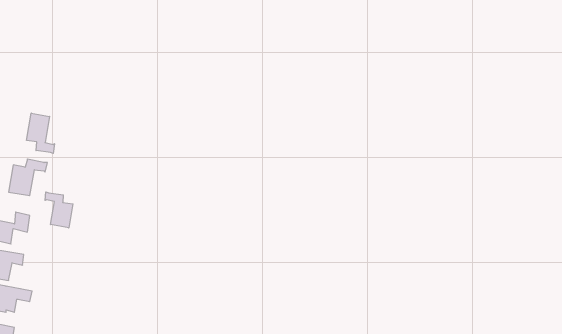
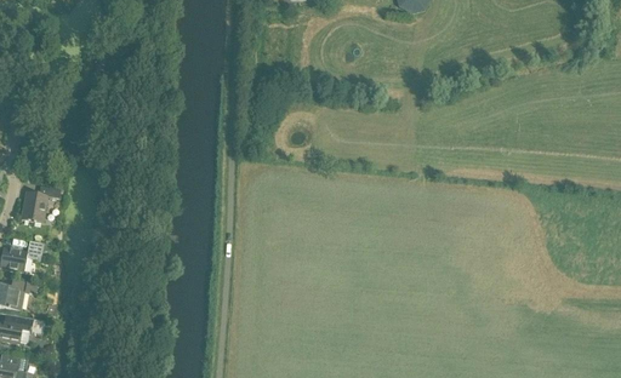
building: [27,113,54,153] -> none
building: [45,192,73,228] -> none

